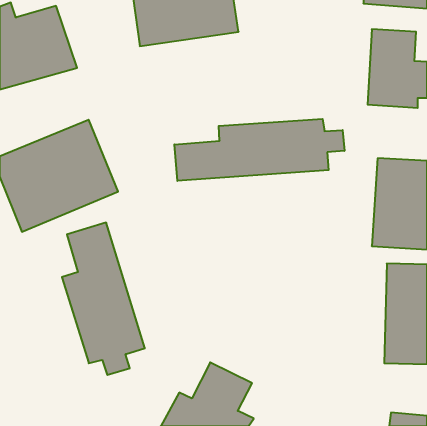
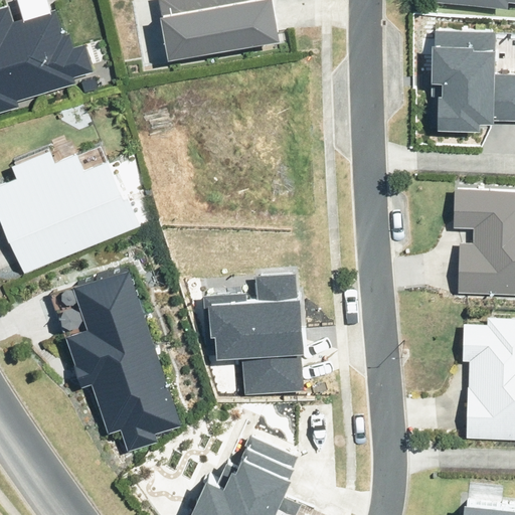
building: [174,119,344,181] -> none
building: none -> [207,272,308,390]

